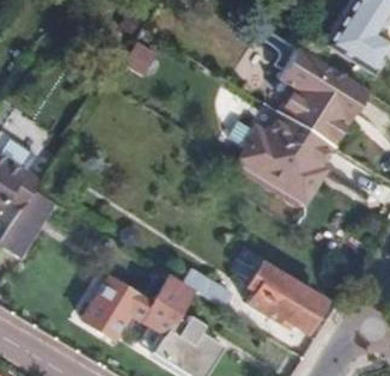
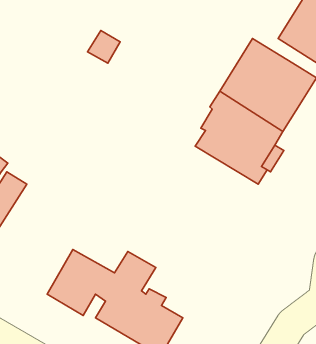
building: [245,259,330,333] -> none

